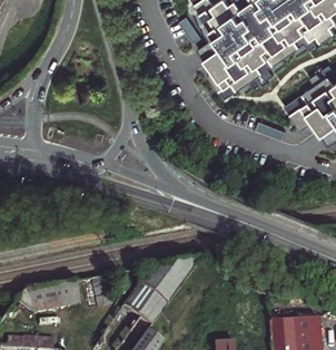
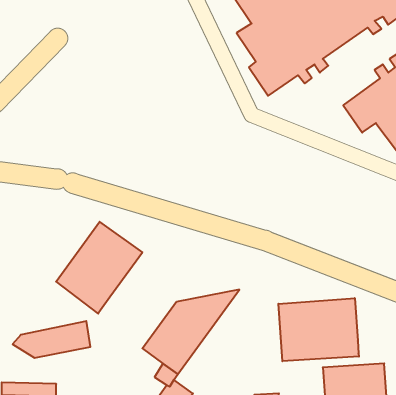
building: none -> [56,222,142,314]
building: none -> [278,298,359,361]

